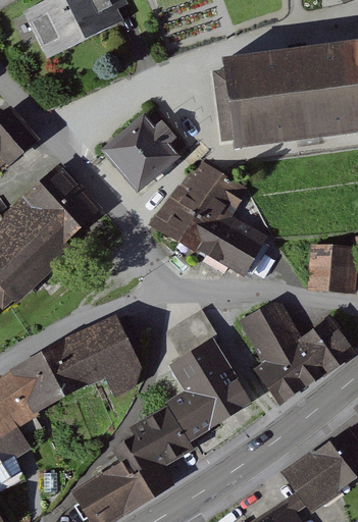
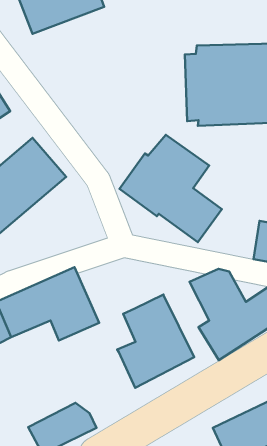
building: [95,115,172,192] -> none
building: [168,309,218,354] -> none
building: [116,404,194,474] -> none

